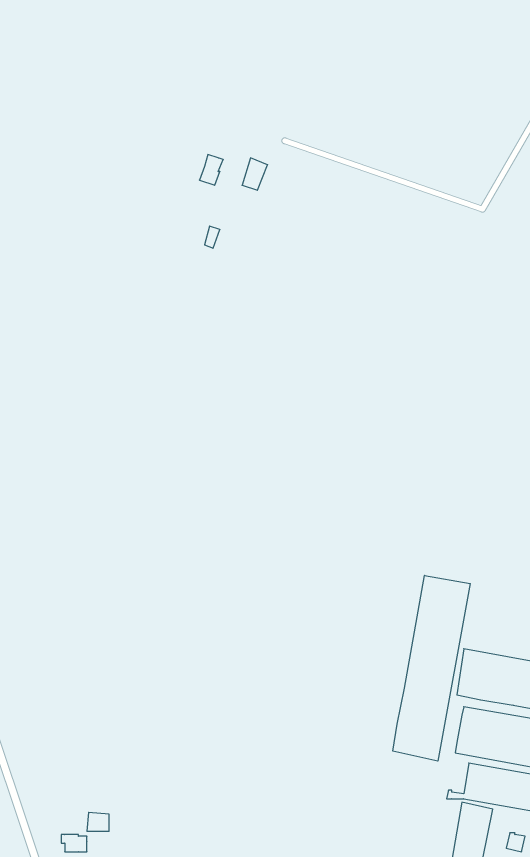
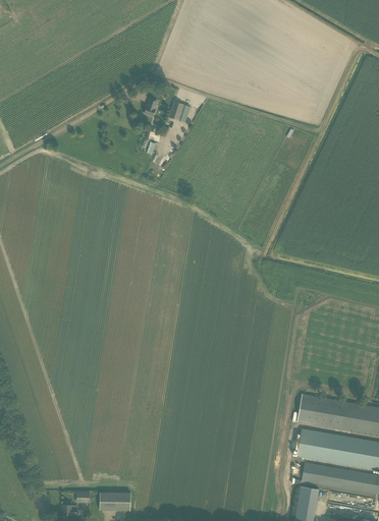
building: [393,575,470,761] -> none
building: none -> [100,493,130,510]

